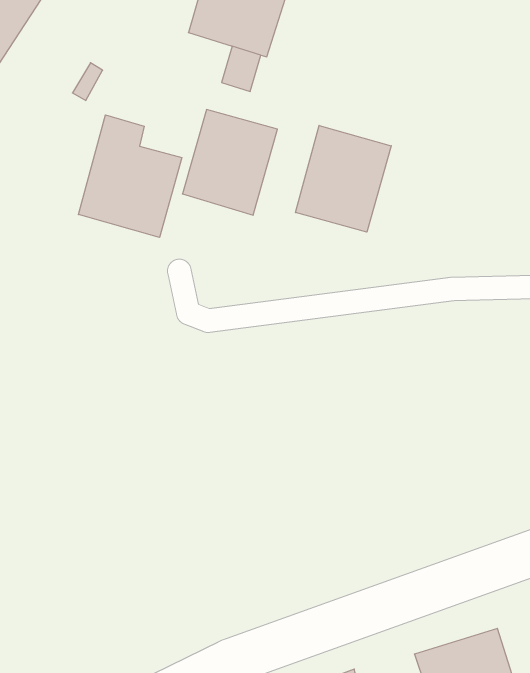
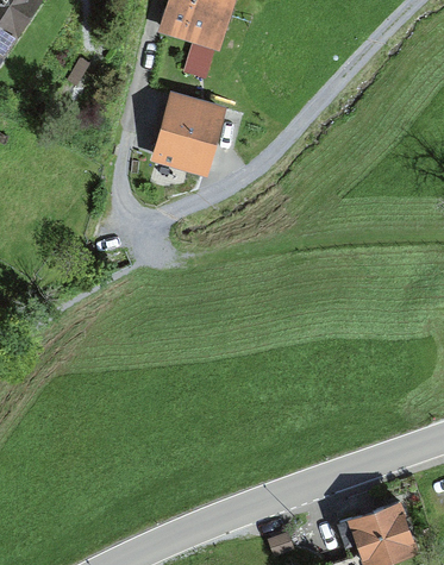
building: [78,115,182,237] -> none
building: [296,125,391,232] -> none

